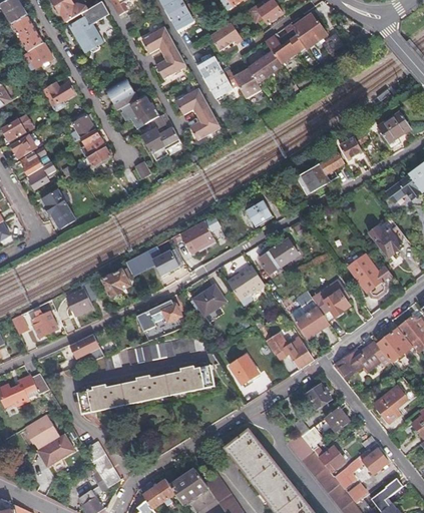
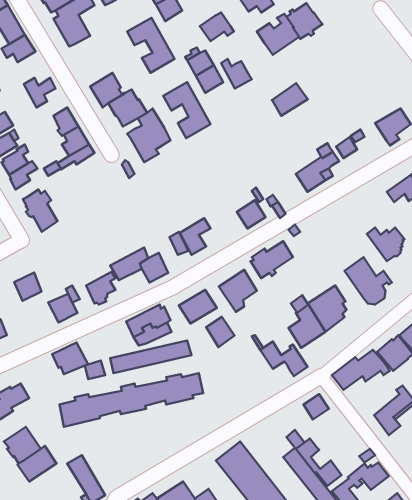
building: [248,50,282,81] -> [272,83,308,116]
building: [30,311,56,338] -> [14,273,42,301]
building: [230,355,257,384] -> [206,317,234,347]
building: [314,407,350,435] -> none

